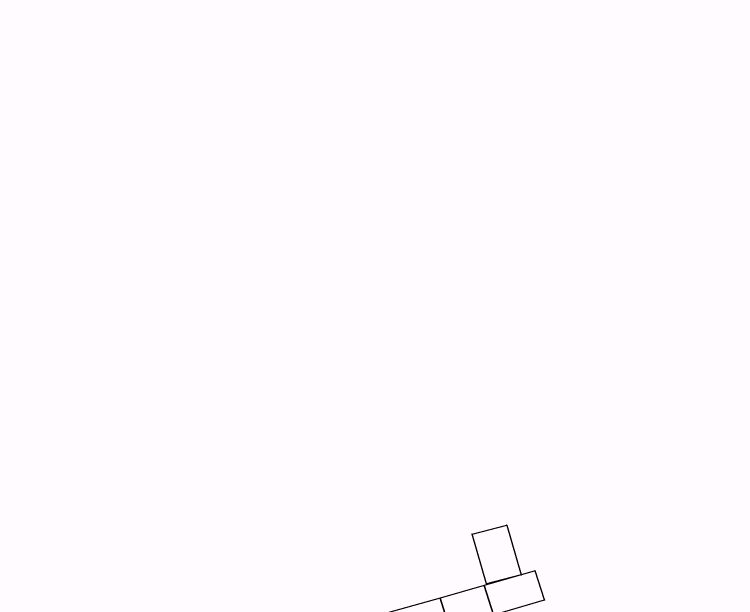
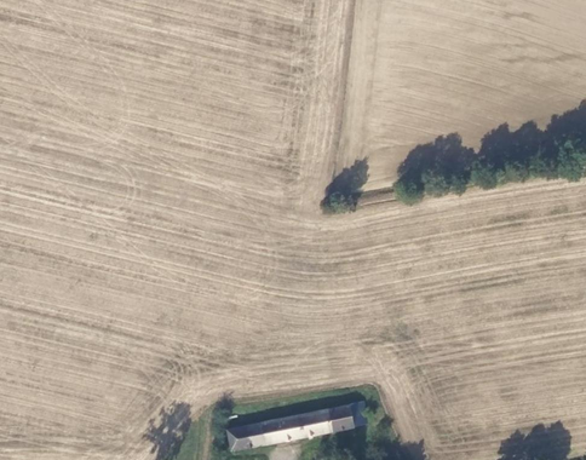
building: [472,525,521,584] -> none

